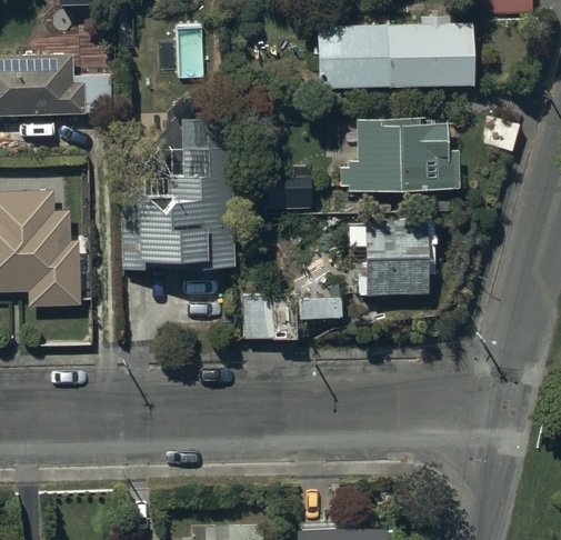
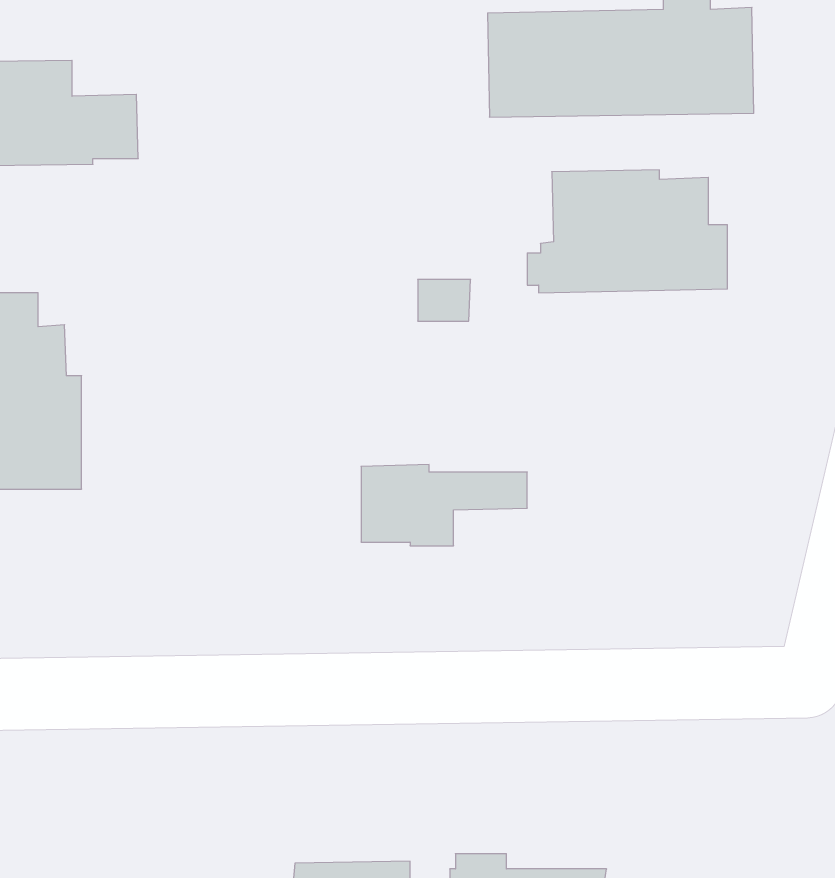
building: [121,118,232,271] -> none
building: [349,218,435,297] -> none

